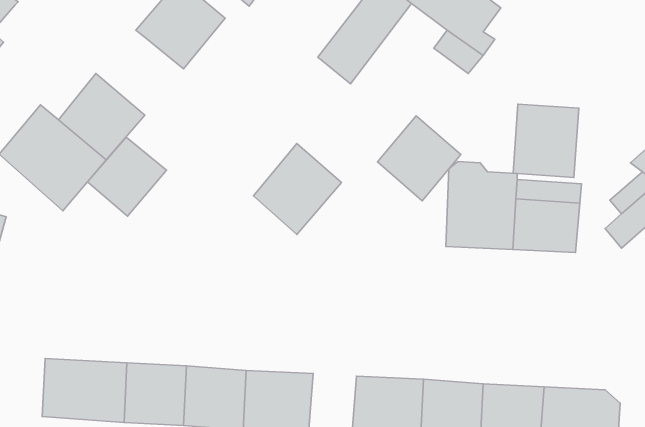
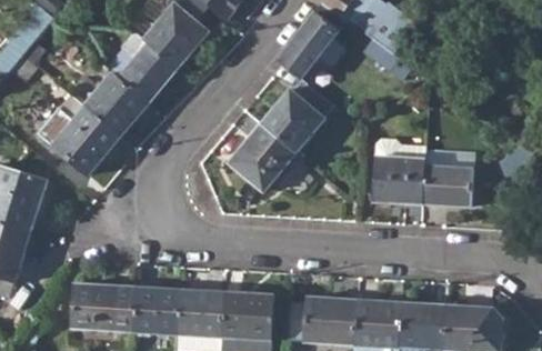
building: [513,104,579,177] -> none
building: [377,116,461,201] -> [261,89,323,152]
building: [87,137,166,216] -> [118,43,177,102]

